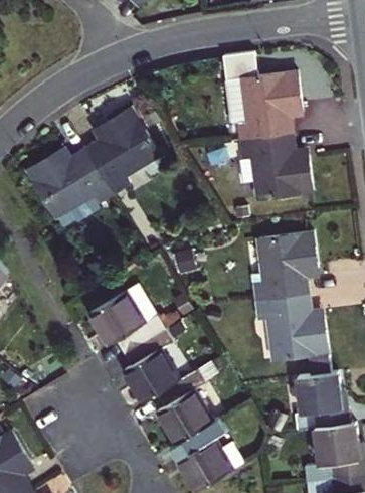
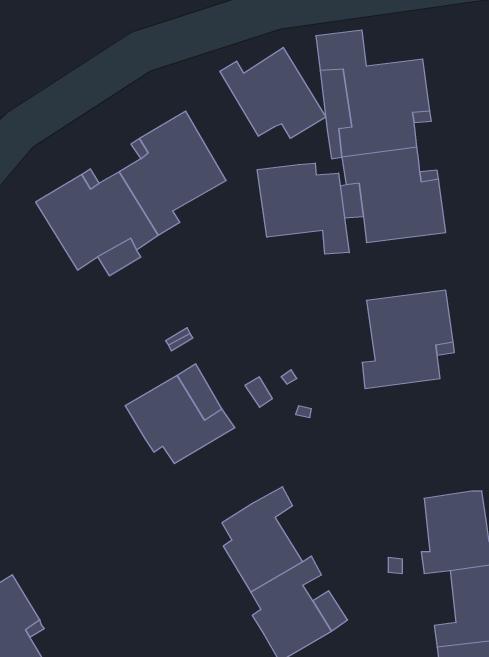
building: none -> [220,47,326,138]
building: none -> [257,163,349,254]
building: [255,294,330,375] -> none
building: [123,328,178,402] -> none

